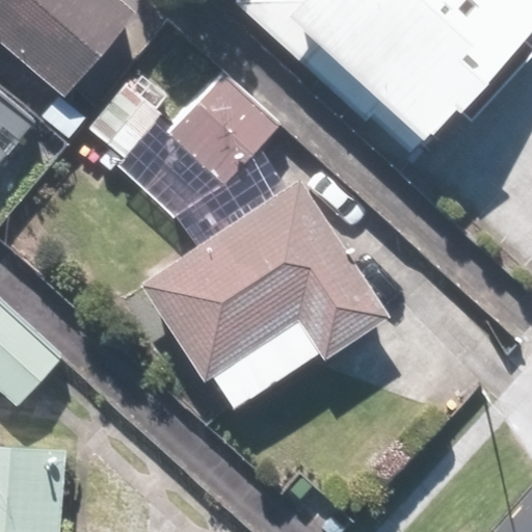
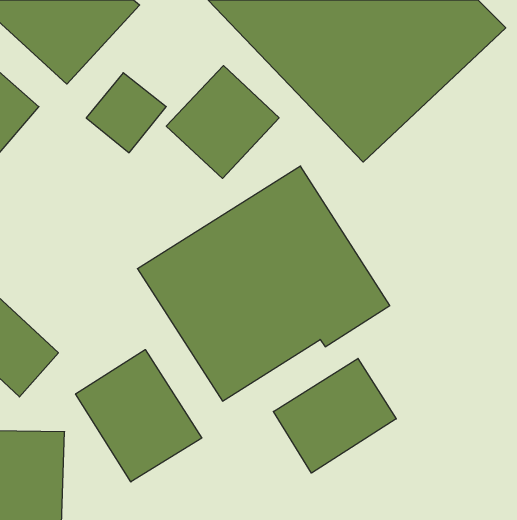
building: none -> [76,350,202,482]
building: none -> [273,358,396,473]

